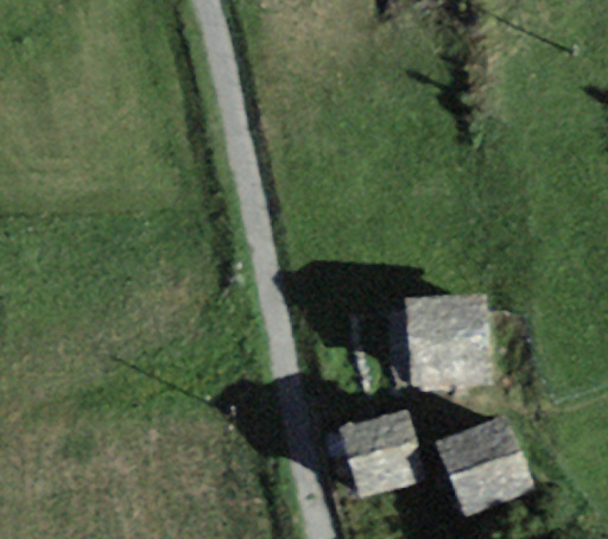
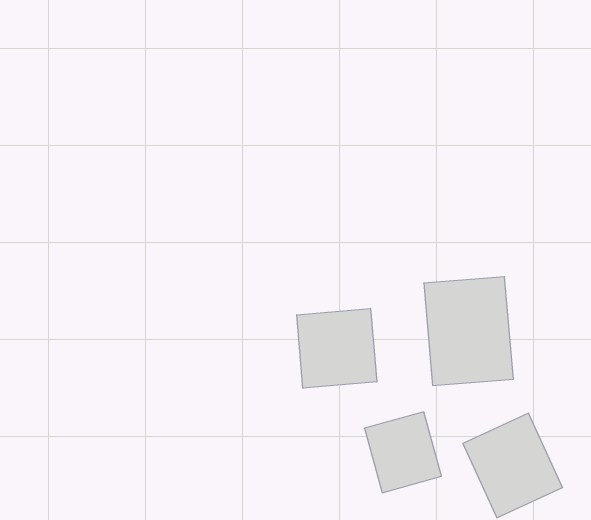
building: none -> [297,308,377,388]

